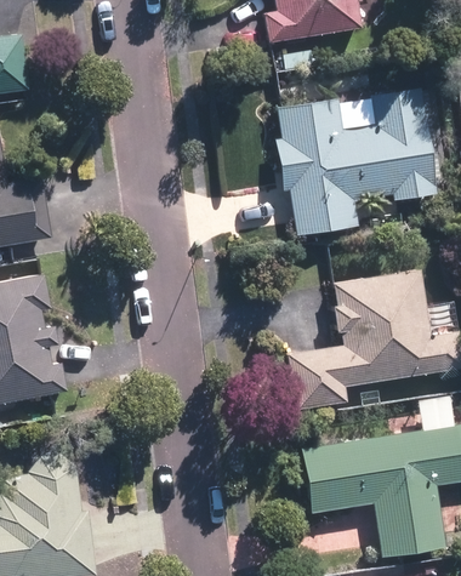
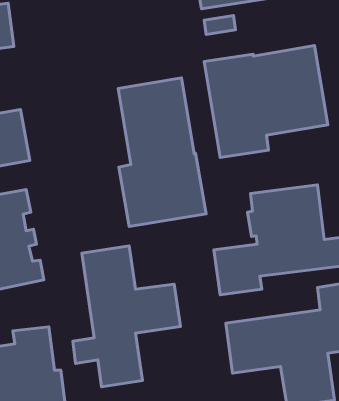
building: none -> [118,78,206,227]
building: none -> [73,246,180,387]

